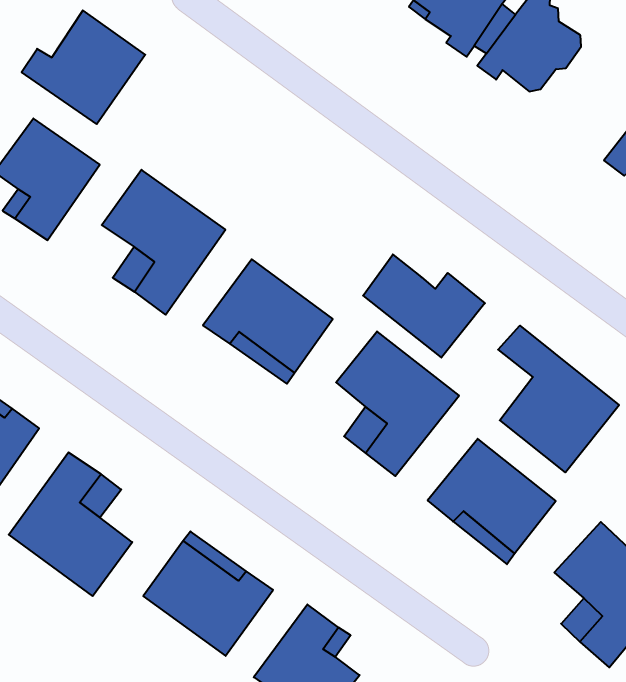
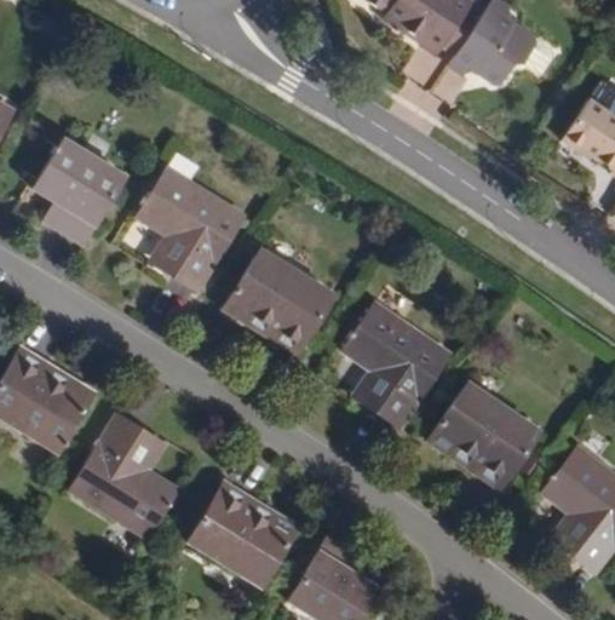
building: [22,10,145,124] -> none
building: [363,254,485,358] -> none
building: [498,326,619,472] -> none

